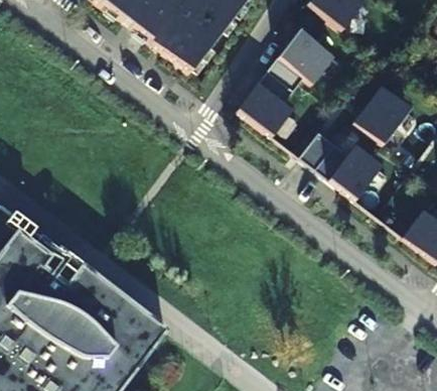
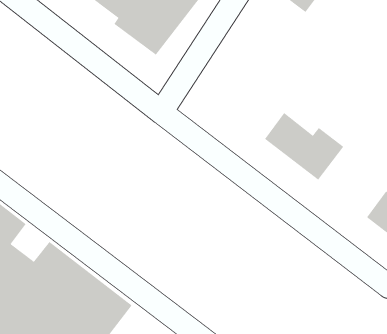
building: [239,29,334,135] -> none
building: [355,86,412,144] -> none

